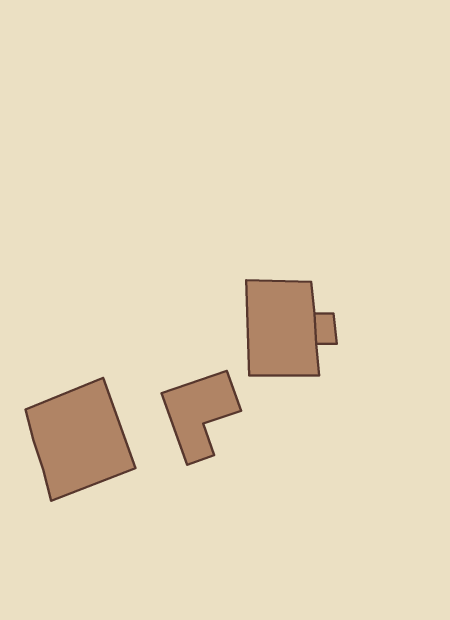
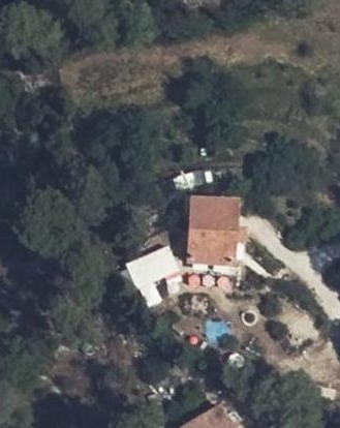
building: [25,378,135,501] -> none

